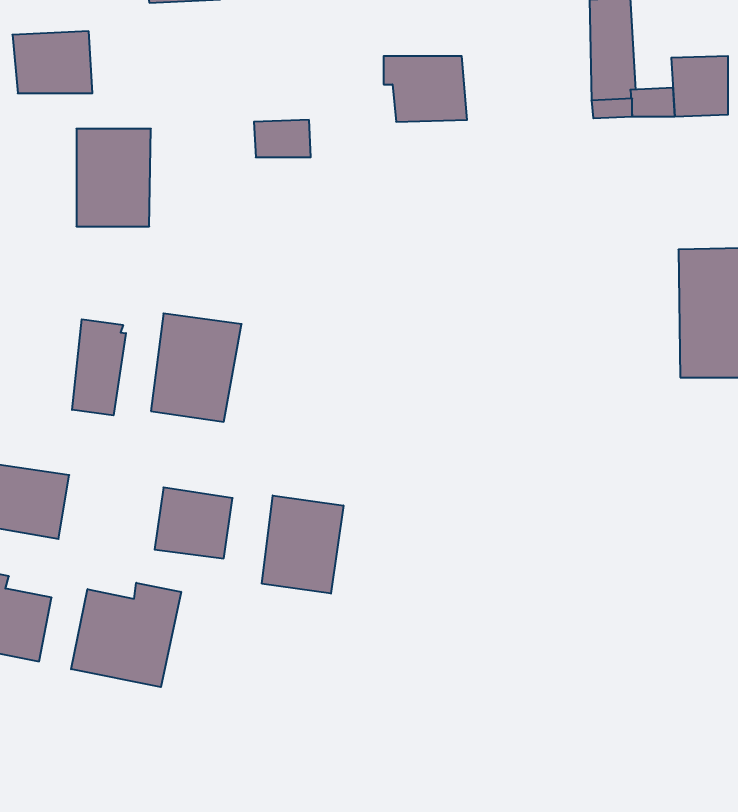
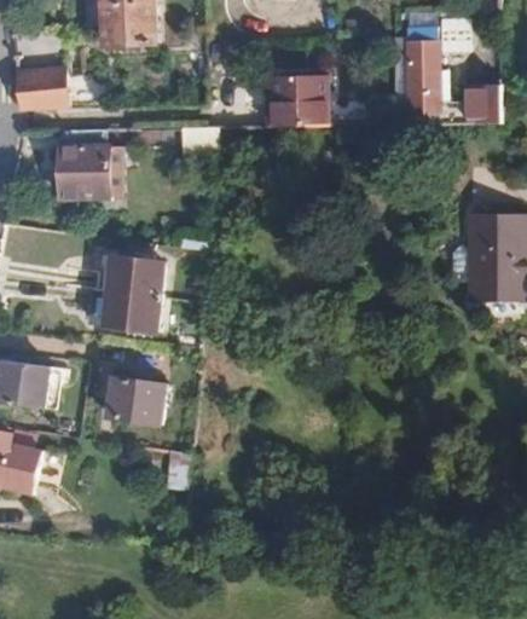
building: [72,319,126,415] -> none
building: [262,495,343,594] -> none
building: [71,583,181,687] -> none

